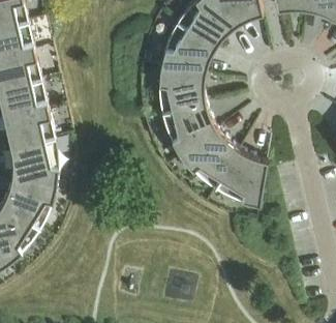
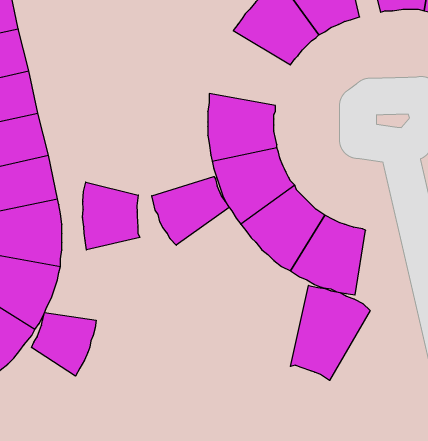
building: [159,24,215,76] -> none
building: none -> [152,177,229,245]
building: none -> [83,182,140,250]
building: none -> [290,285,370,380]
building: none -> [32,312,96,376]

